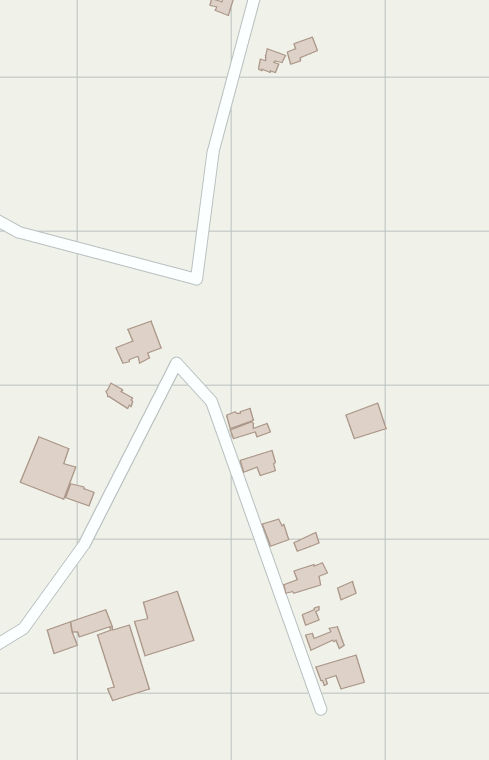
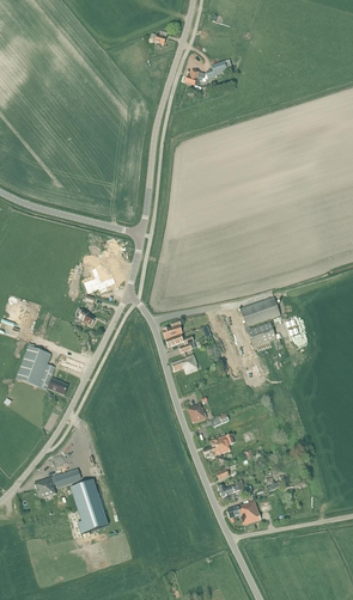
building: none -> [241,295,280,326]
building: [135,591,194,656] -> none

